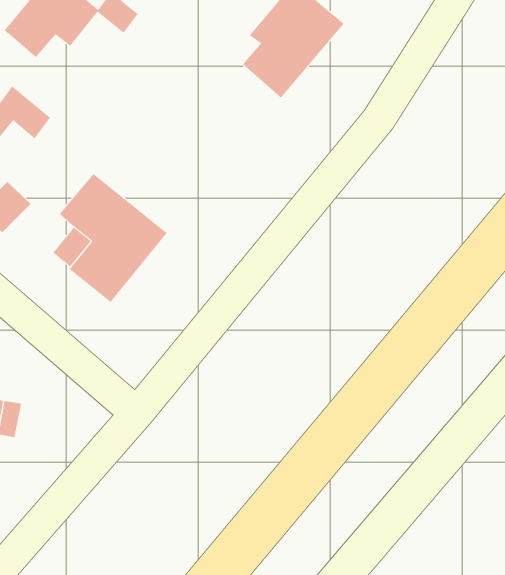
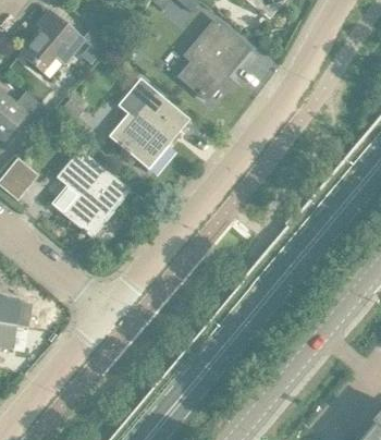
building: none -> [108,77,187,167]

